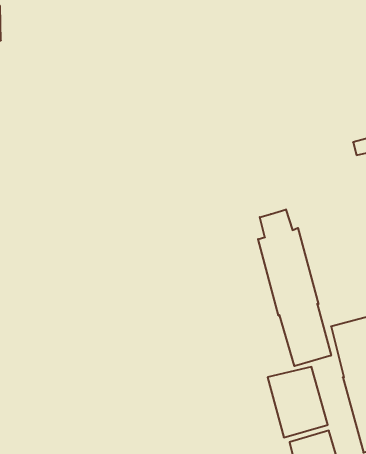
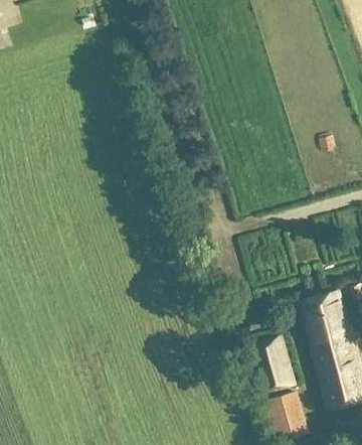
building: [258,209,331,366] -> none

